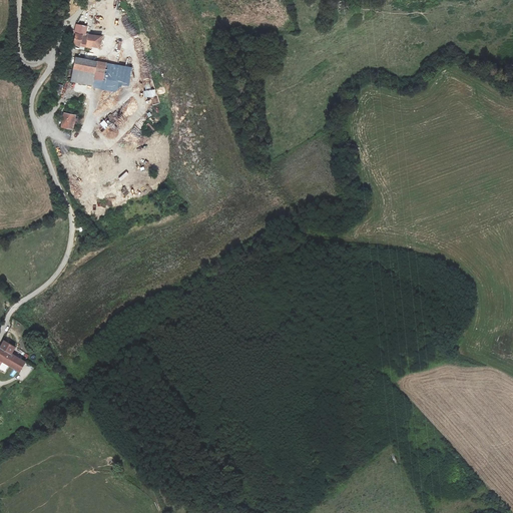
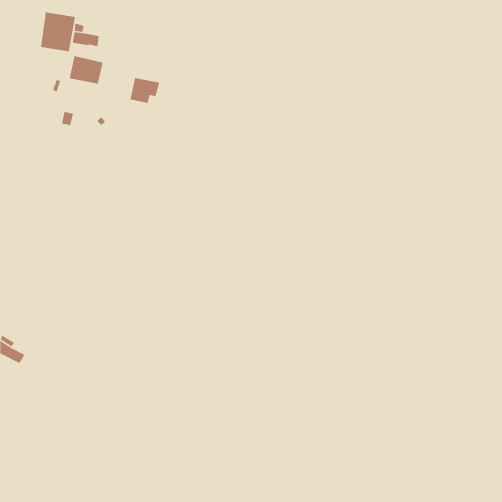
building: none -> [40,11,76,52]
building: [100,63,131,90] -> [130,77,160,104]

